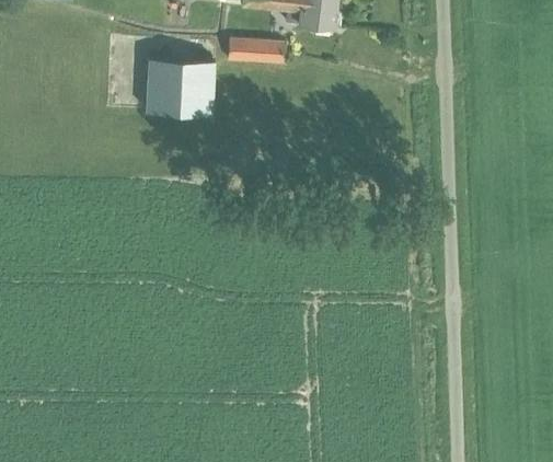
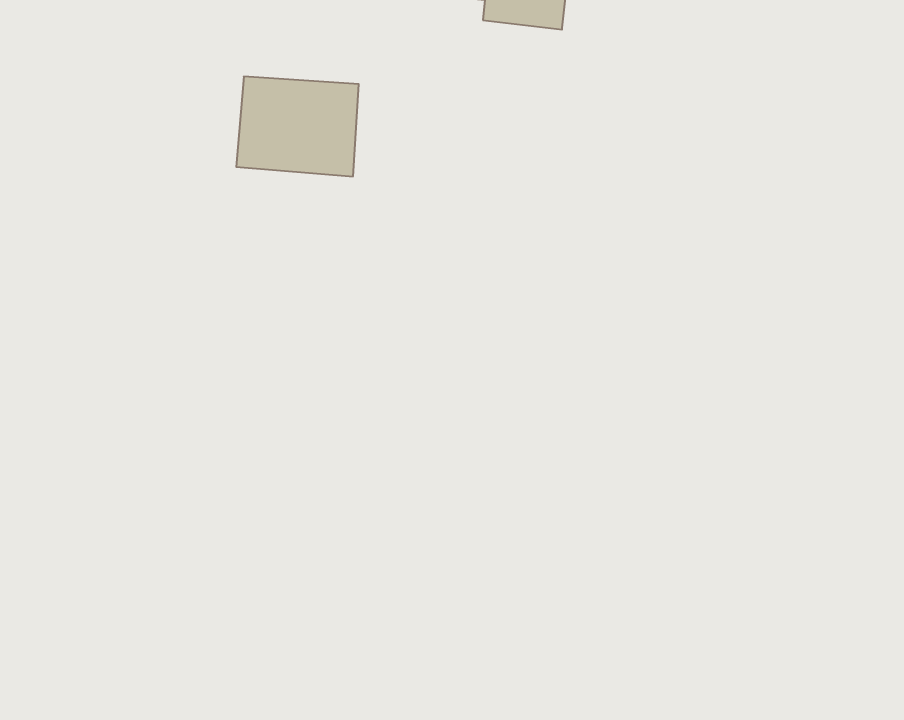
building: [230,42,287,63] -> none

